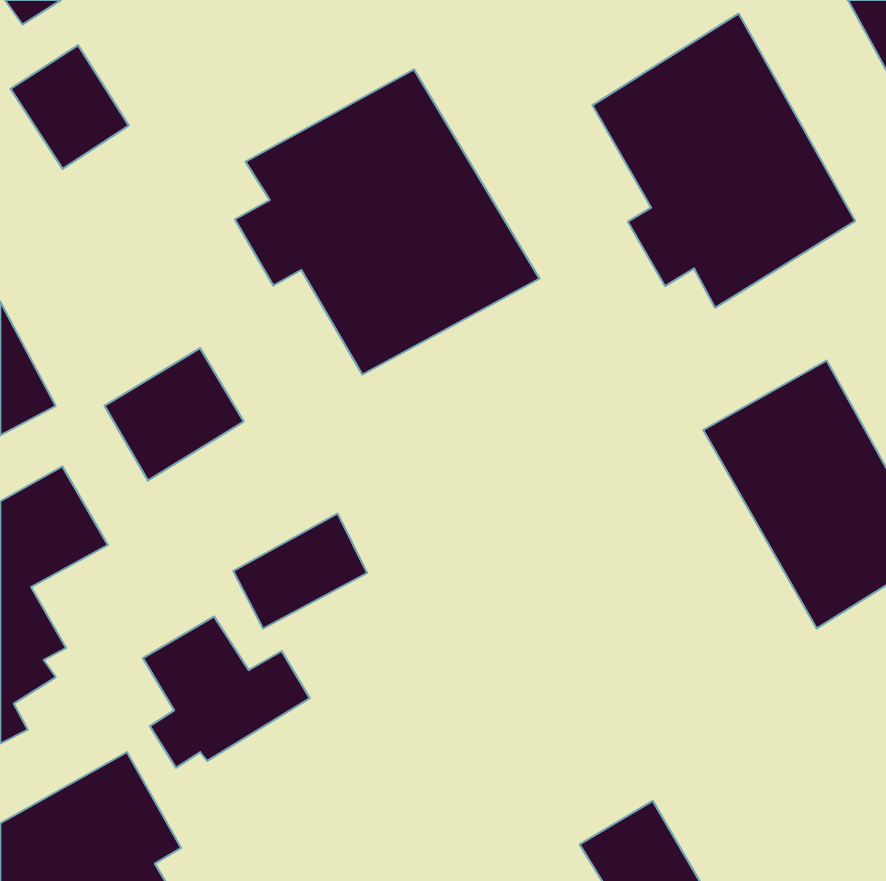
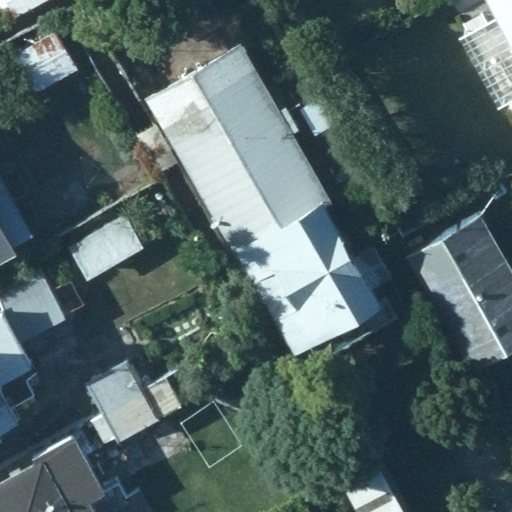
building: [592,14,855,308] -> none
building: none -> [210,165,390,368]

